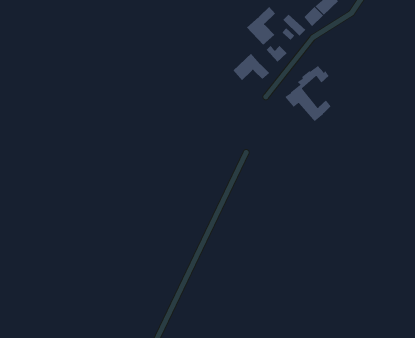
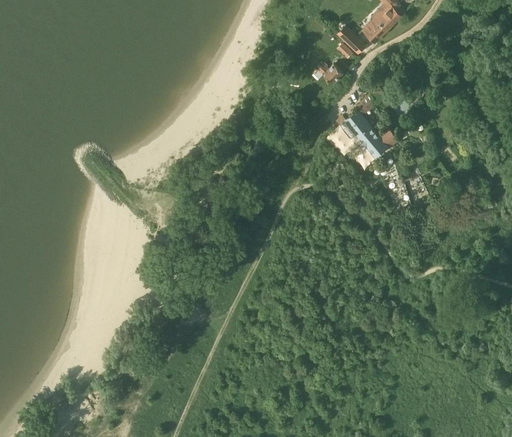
building: [246,6,276,45] -> none
building: [232,53,270,81] -> none

